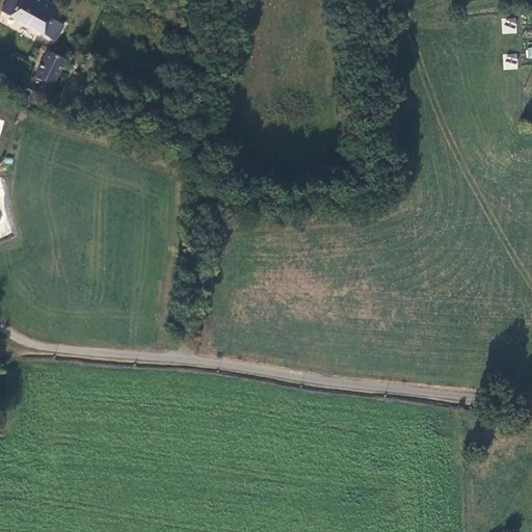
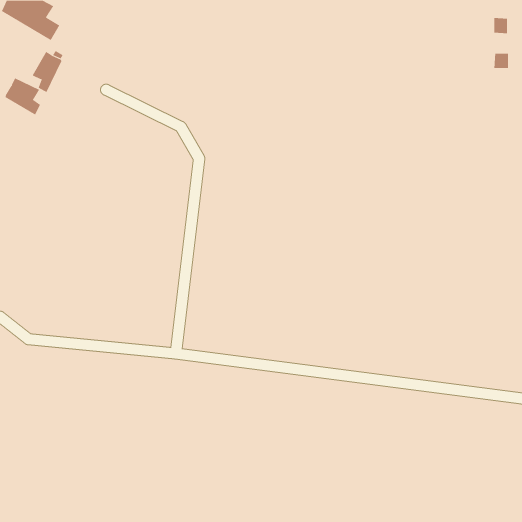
building: none -> [5,77,41,115]

